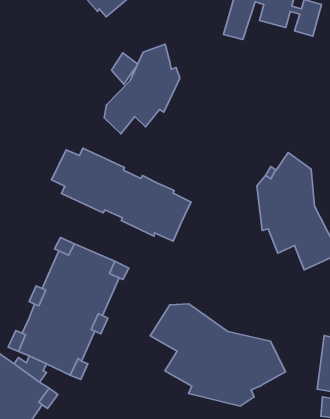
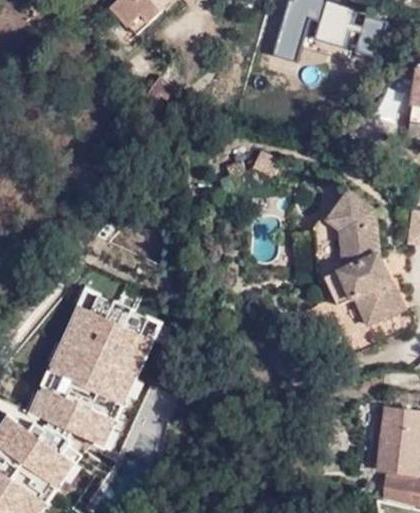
building: [104,44,180,134] -> none
building: [52,148,191,241] -> none
building: [150,304,286,406] -> none

